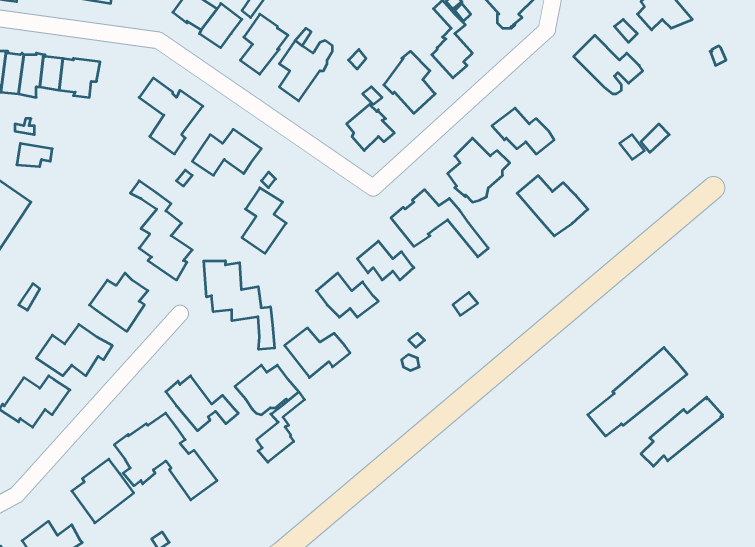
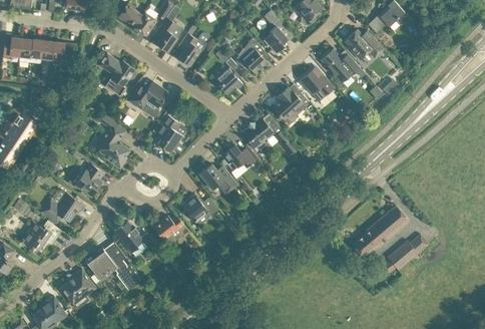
building: [517,176,588,236] -> [321,48,361,82]
building: [204,261,275,349] -> none
building: [257,392,305,462] -> none

